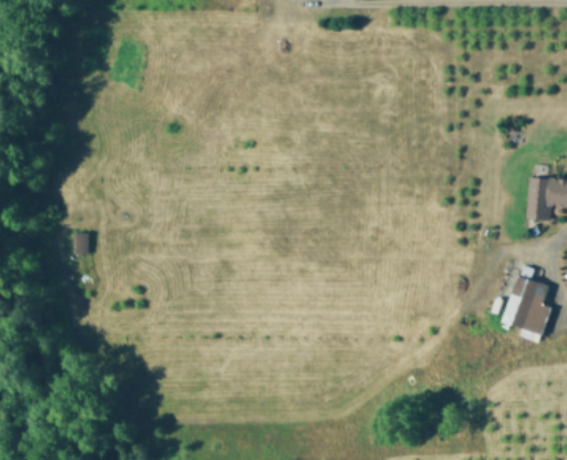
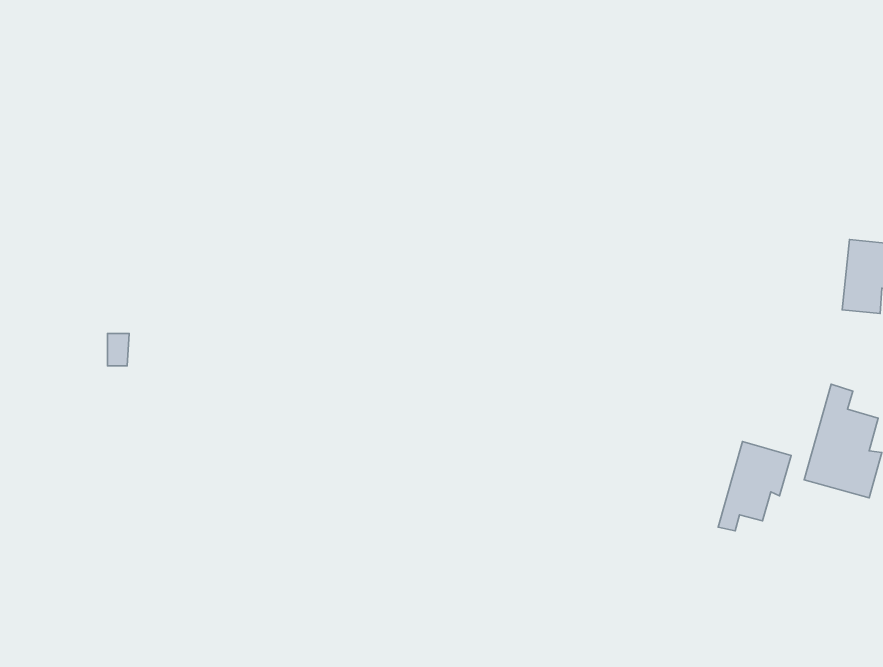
building: none -> [718,442,791,531]

